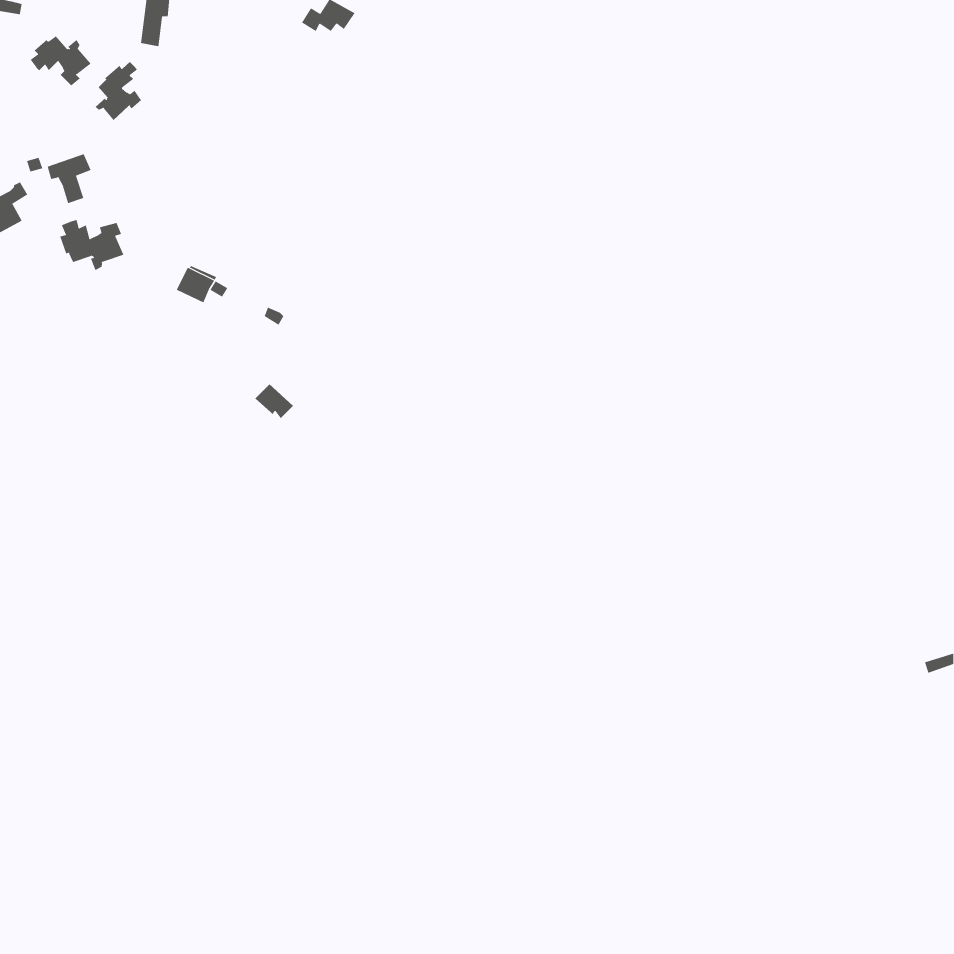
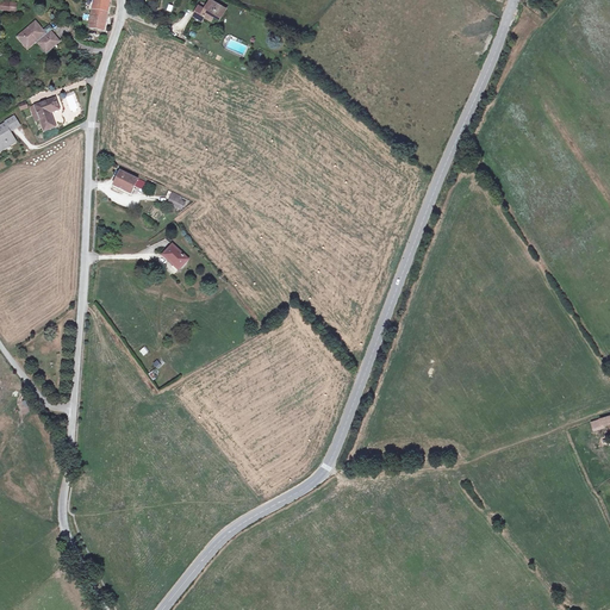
building: [95,61,142,121] -> none
building: [59,219,124,271] -> none

